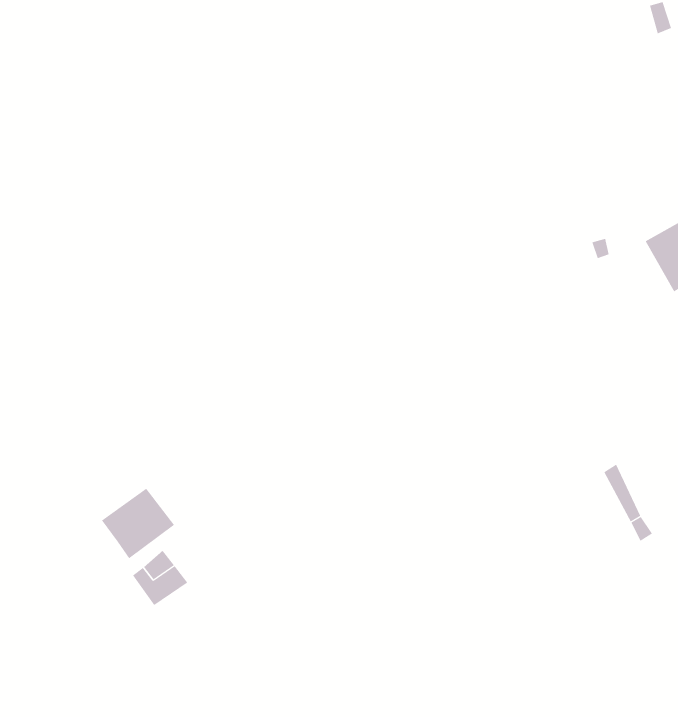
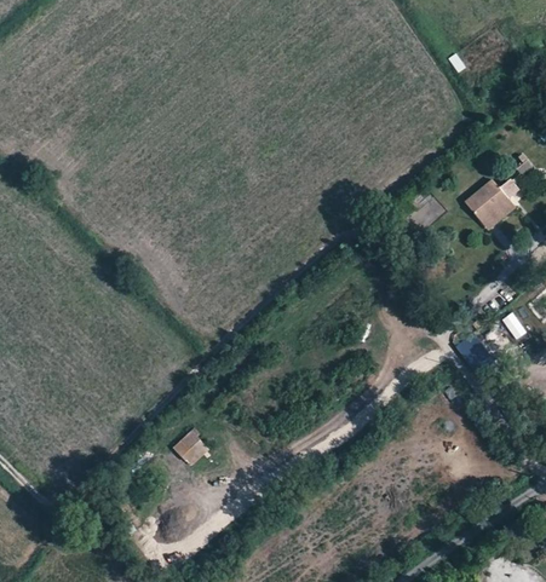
building: [101,488,175,559] -> none

